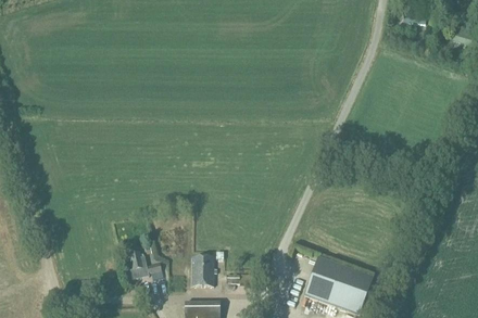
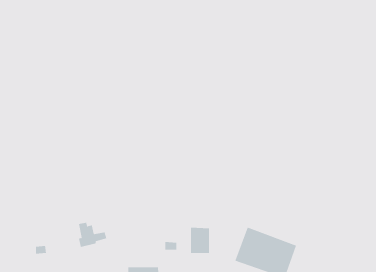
building: [192,256,214,285] -> [190,227,210,253]

